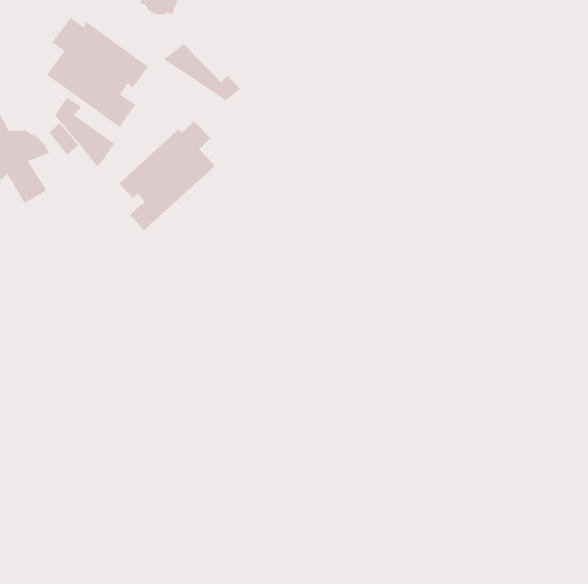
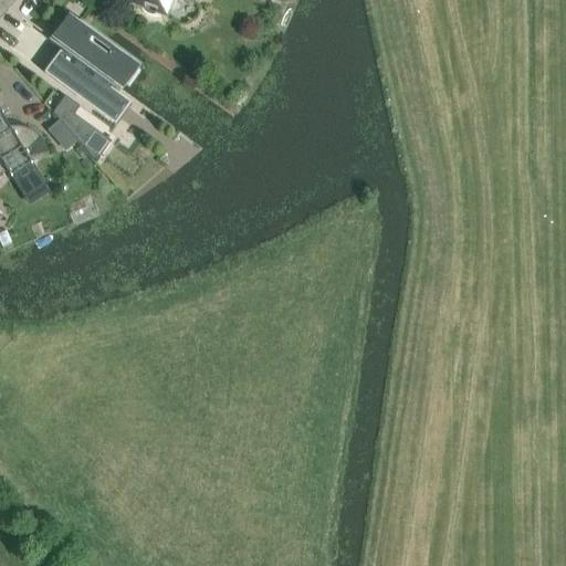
building: [163,43,241,101] -> none
building: [118,121,216,231] -> none

